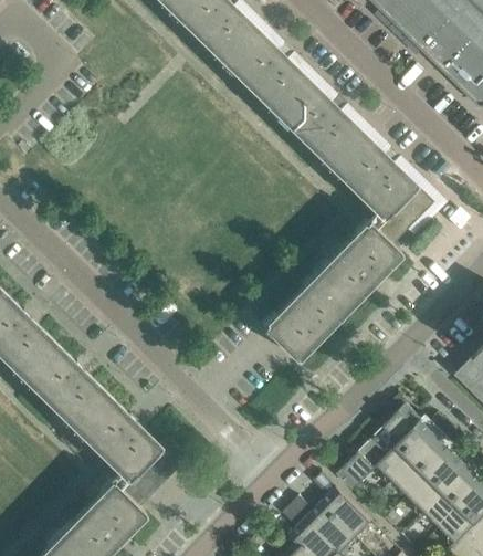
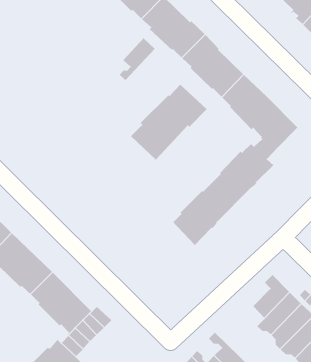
building: none -> [119,37,155,81]
building: none -> [130,84,208,161]
building: [329,439,387,490] -> none

